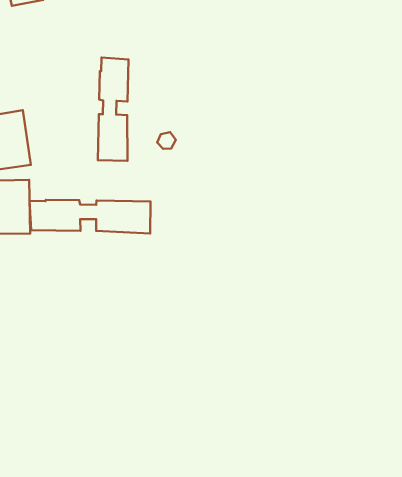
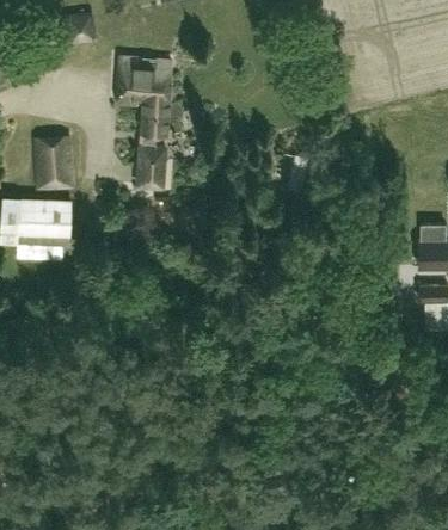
building: none -> [115,57,172,109]
building: [30,200,151,233] -> none

